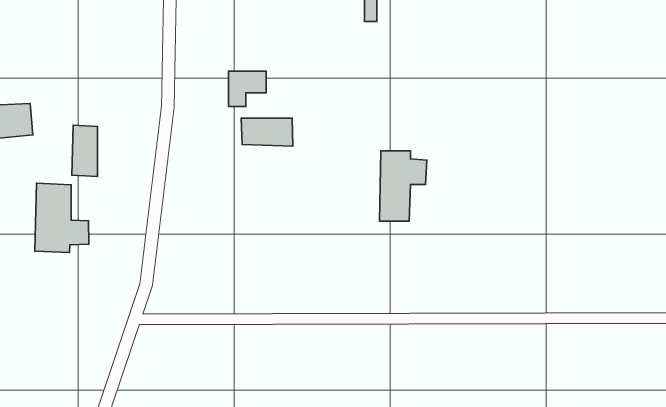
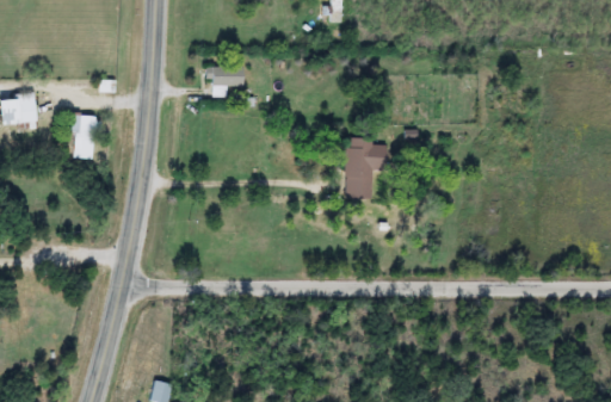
building: [241,118,293,146] -> none
building: [35,183,89,253] -> none

